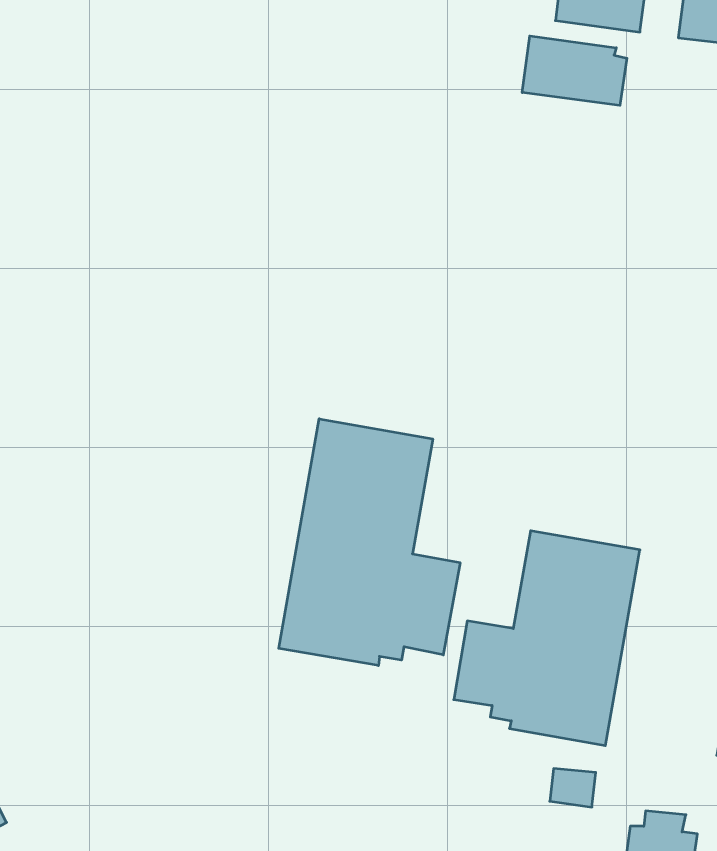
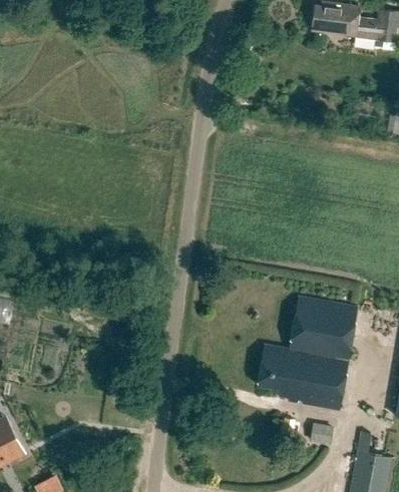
building: [522,36,627,105] -> none
building: [279,419,460,666] -> none

